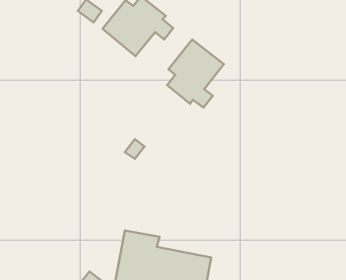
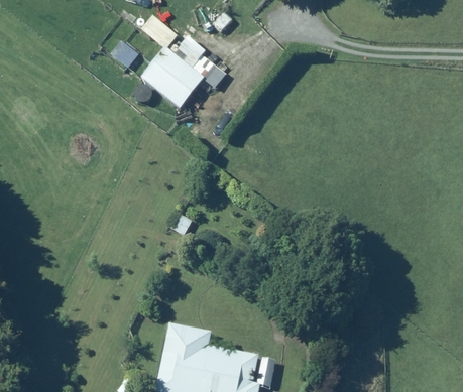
building: [167,39,224,108] -> none

